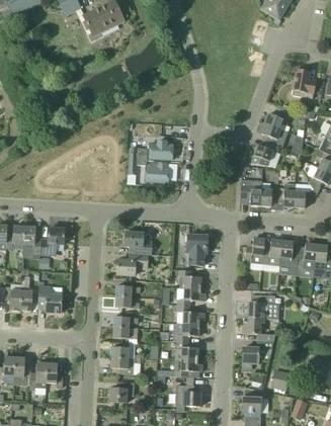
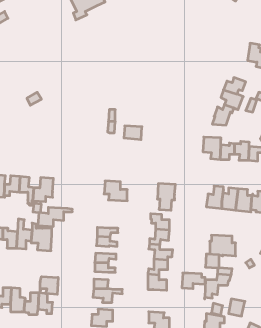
building: [148,140,173,159] -> none
building: [116,253,157,275] -> [38,207,72,226]
building: none -> [40,277,58,294]
building: [174,358,201,376] -> [182,273,205,289]

